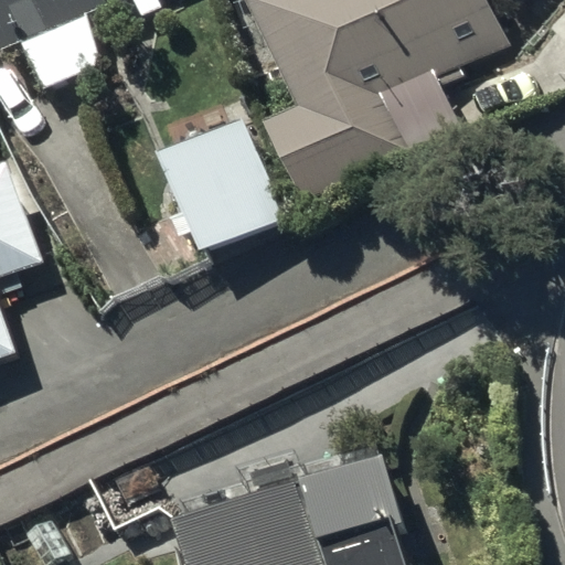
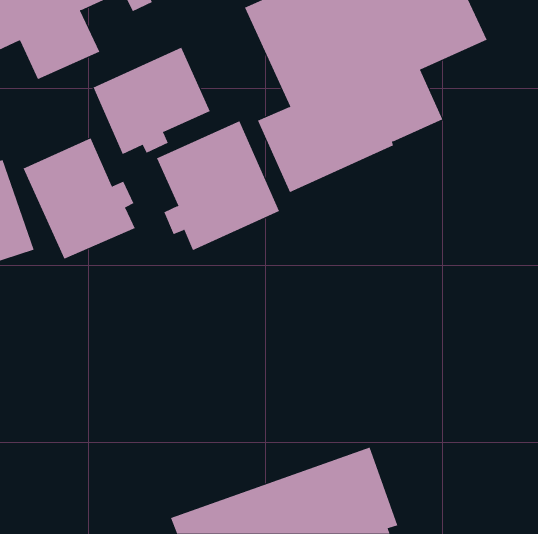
building: none -> [93,47,210,155]
building: none -> [23,138,135,260]

